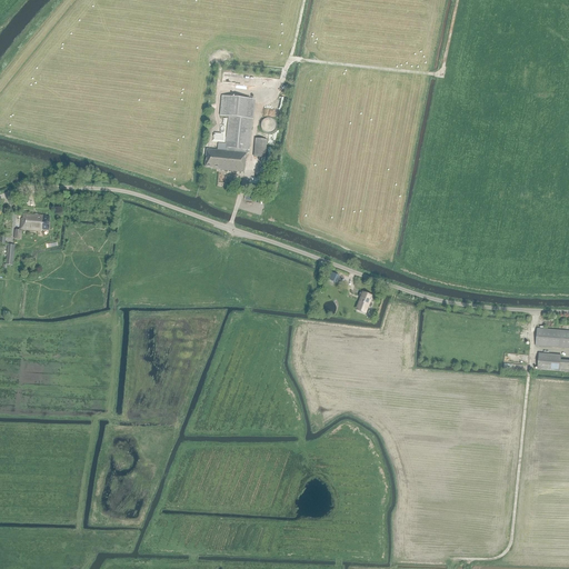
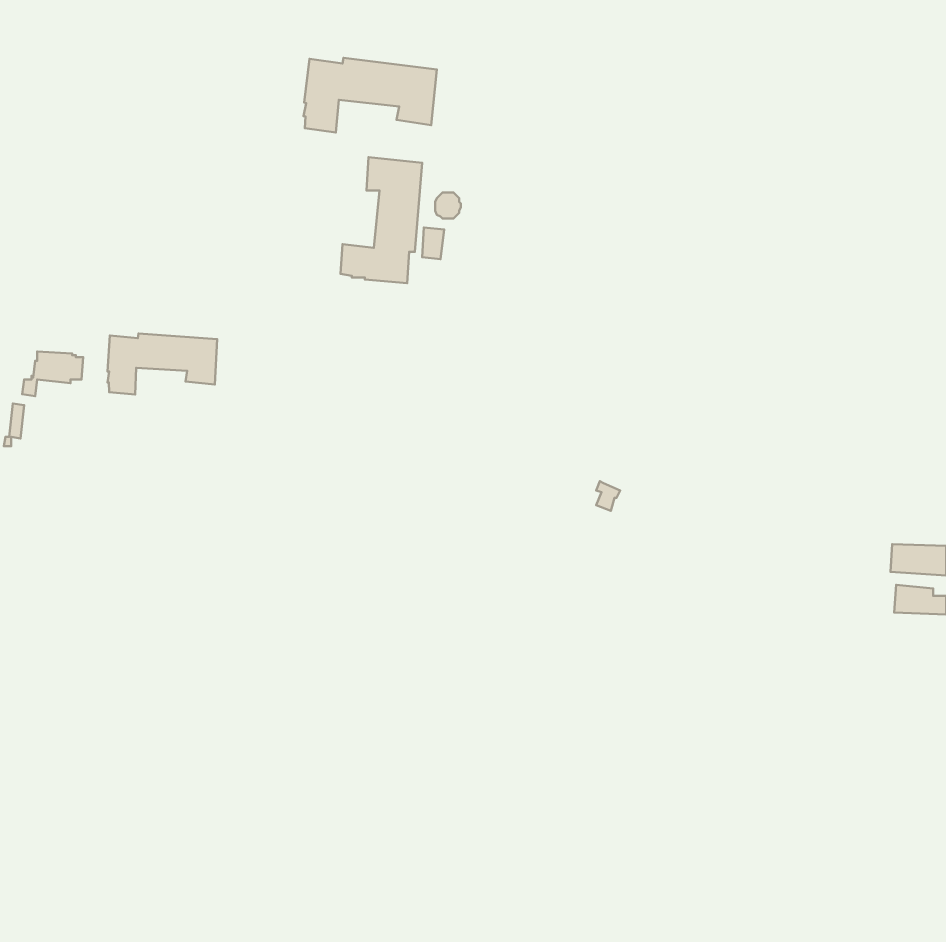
building: none -> [303,58,437,133]
building: none -> [107,334,217,394]

